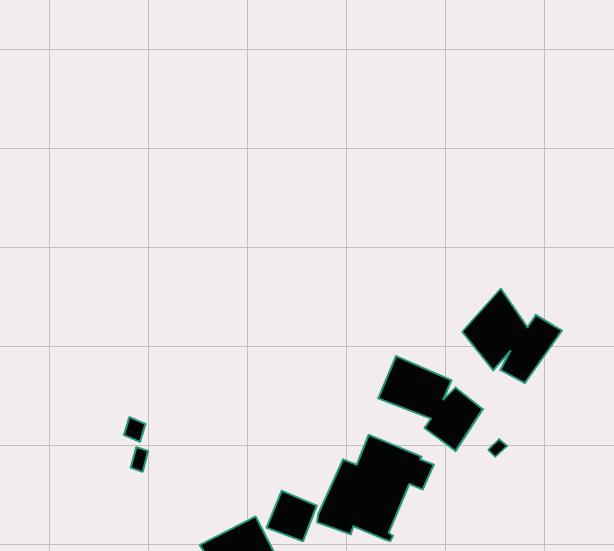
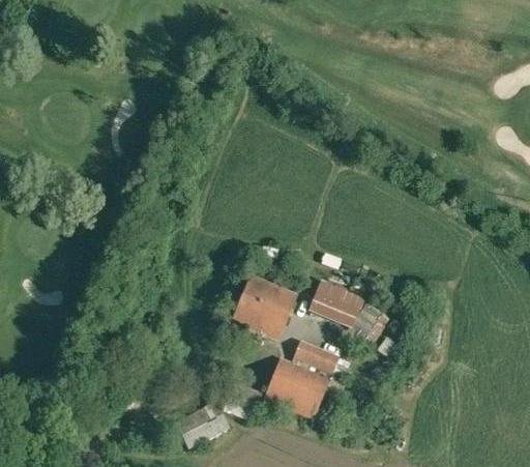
building: [462,289,562,383] -> none
building: none -> [231,273,299,341]

